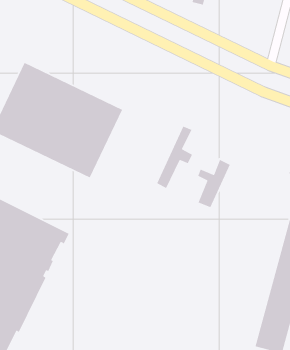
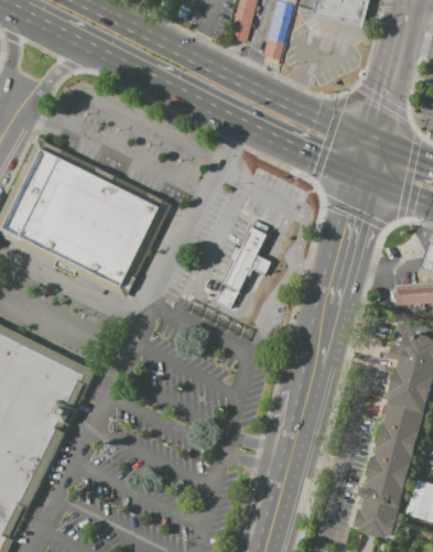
building: [197,159,231,208] -> none

